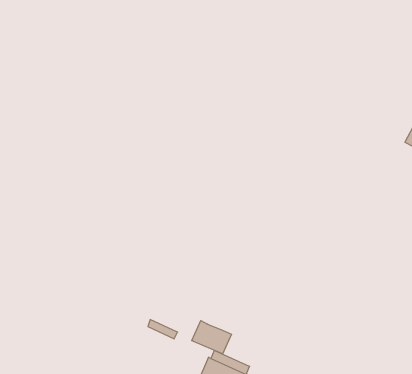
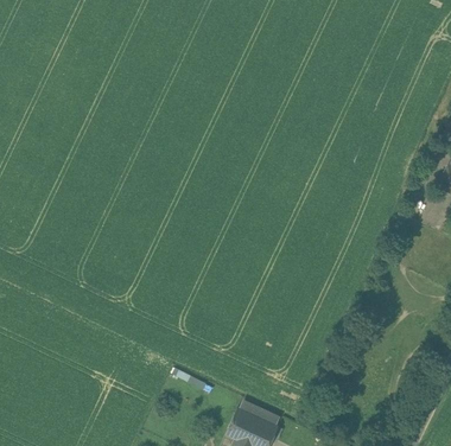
building: [192,321,231,354] -> none

